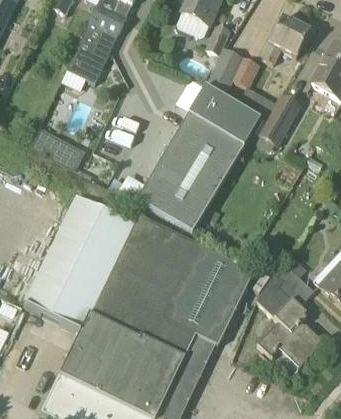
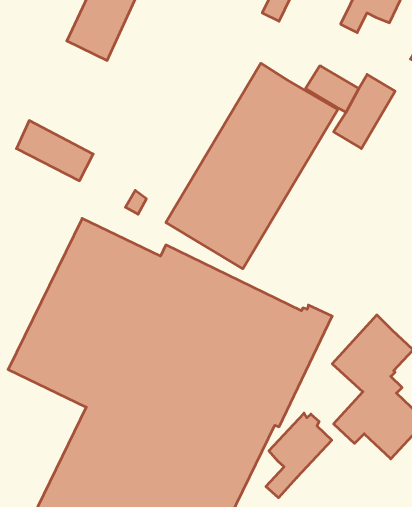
building: [206,47,258,96] -> none
building: none -> [266,413,332,498]

